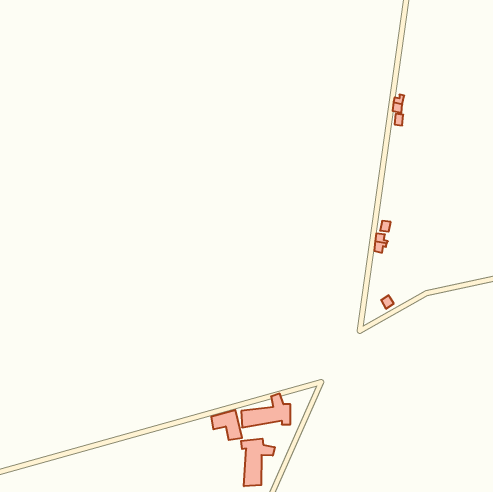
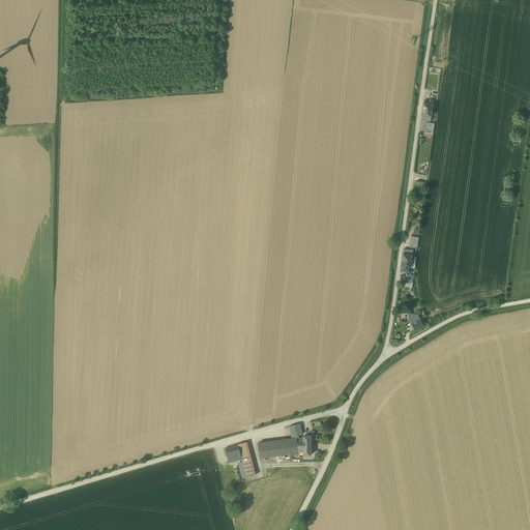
building: [241,439,275,486] -> none

